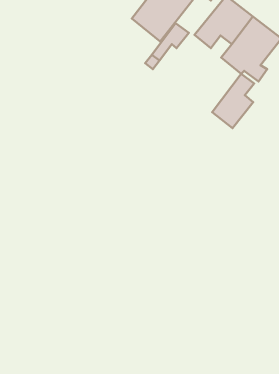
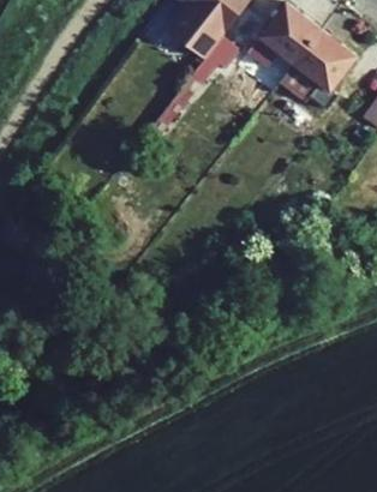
building: [212,74,254,128] -> none

